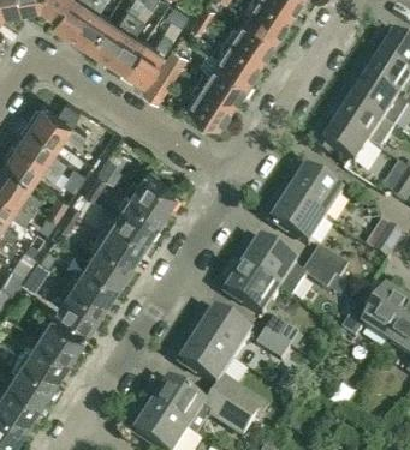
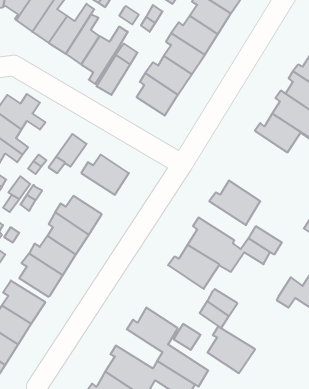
building: [289,170,341,223] -> none
building: [117,192,162,238] -> none
building: [197,312,250,364] -> [207,326,255,373]

